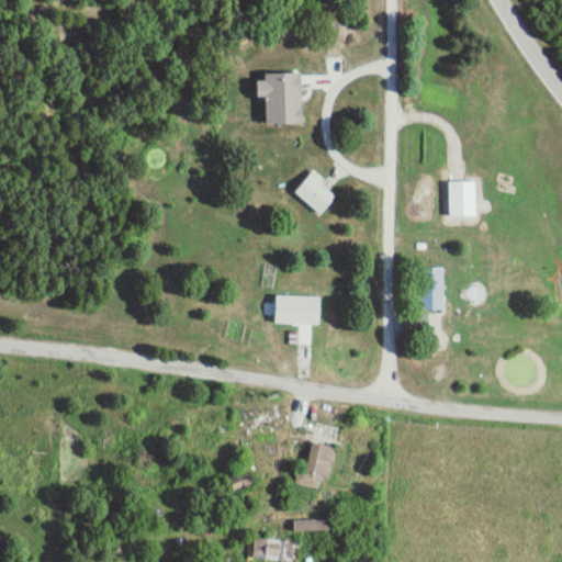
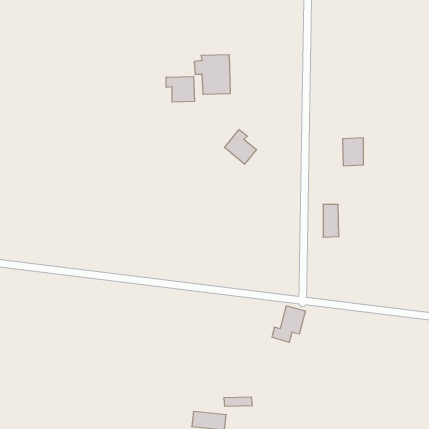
building: none -> [166,76,195,102]
building: [273,296,321,347] -> none
building: [294,442,338,490] -> [272,306,306,342]

